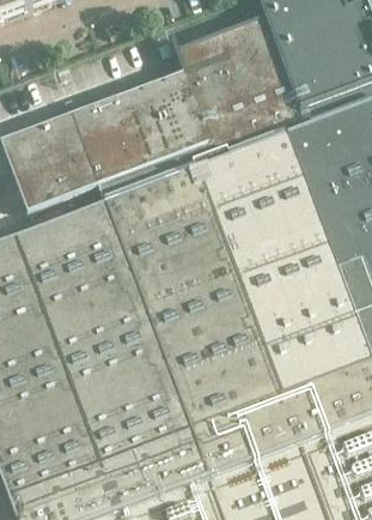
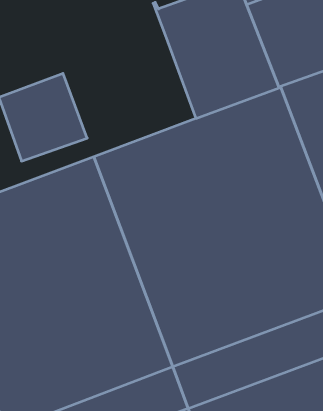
building: [71,69,215,202] -> none

